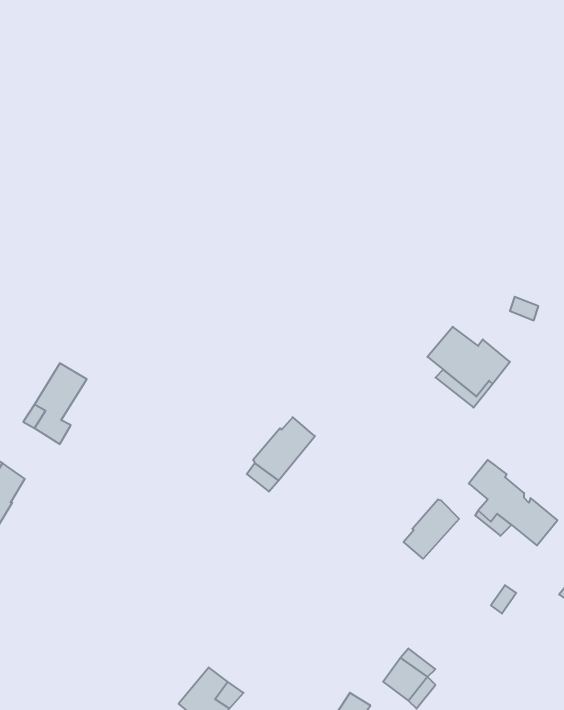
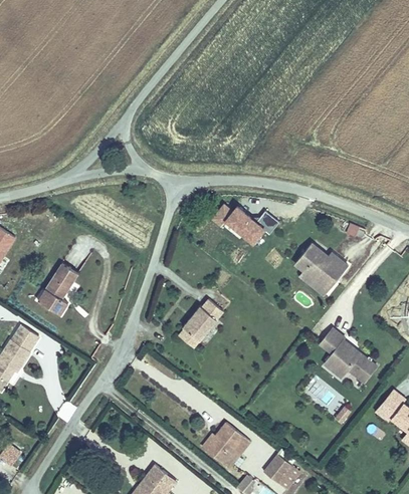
building: none -> [212,203,281,249]
building: [404,499,459,559] -> none
building: none -> [207,420,248,461]

